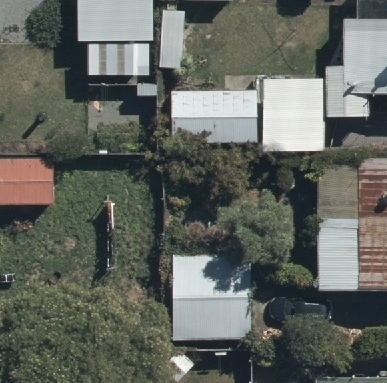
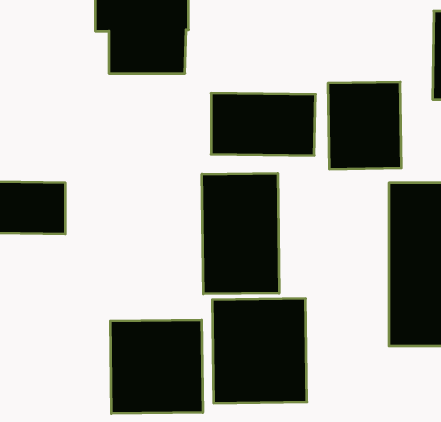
building: none -> [202,173,279,294]
building: none -> [110,320,203,414]

